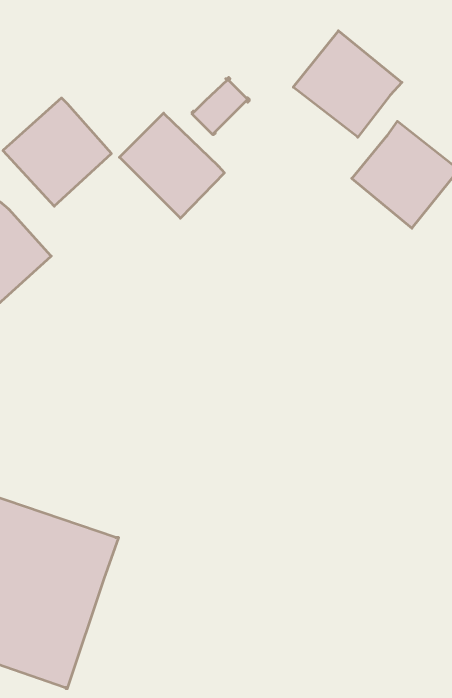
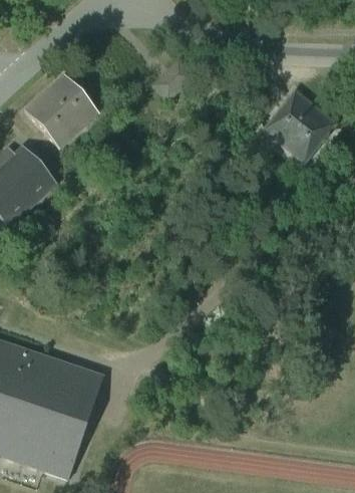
building: [293,31,402,137] -> none
building: [119,113,224,218] -> none

